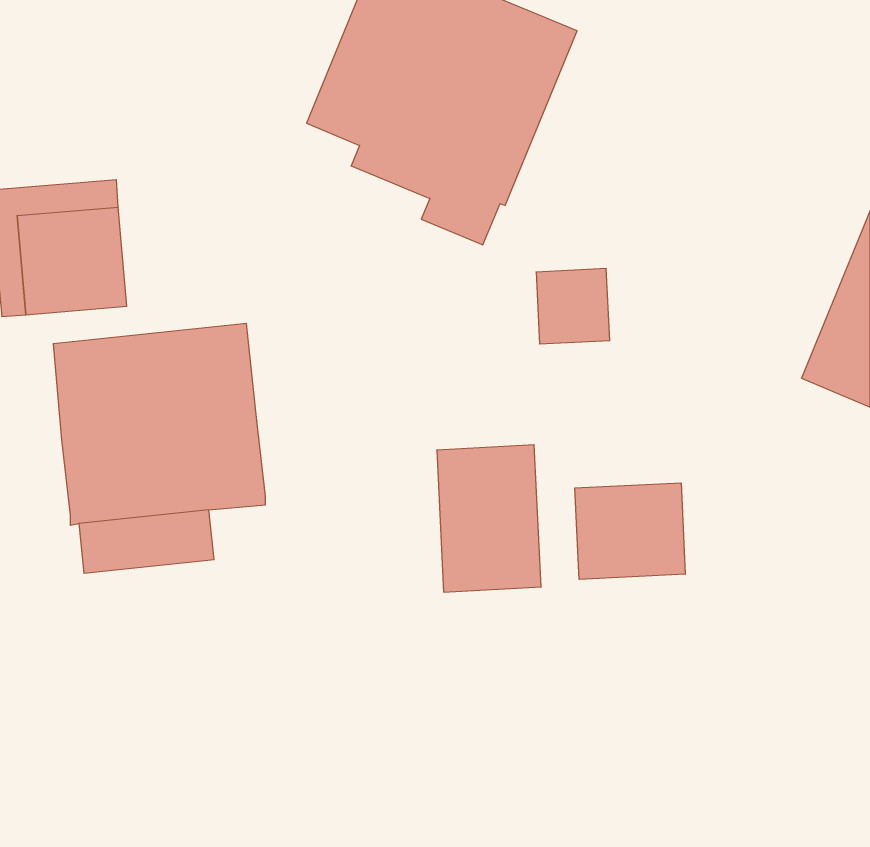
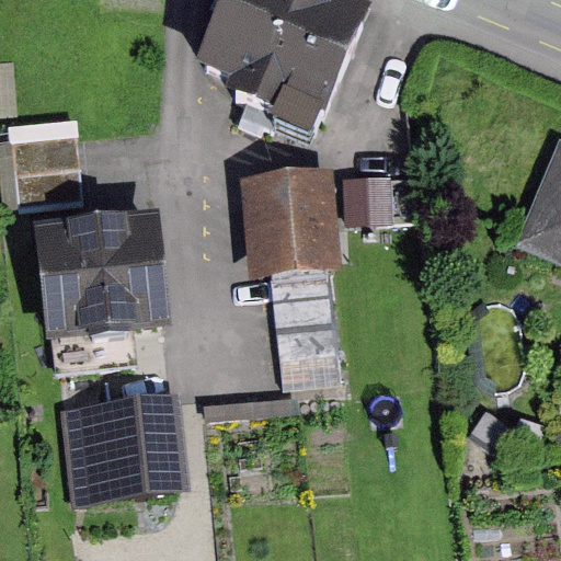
building: none -> [239,172,340,280]
building: [575,483,685,579] -> none
building: none -> [59,392,188,503]

